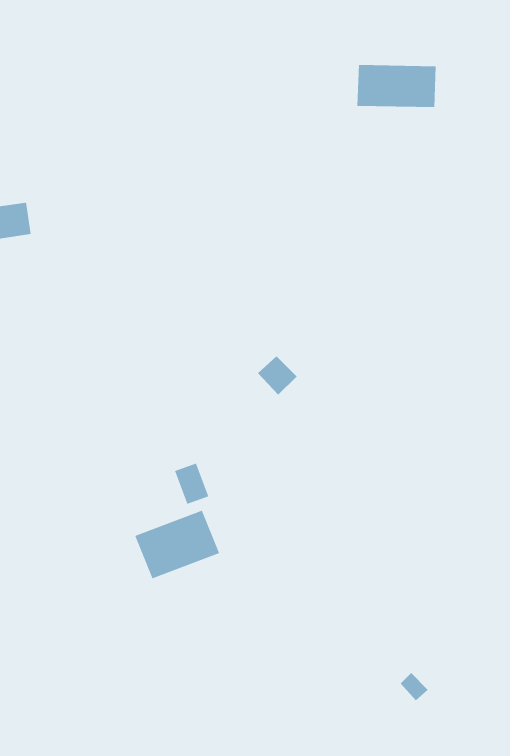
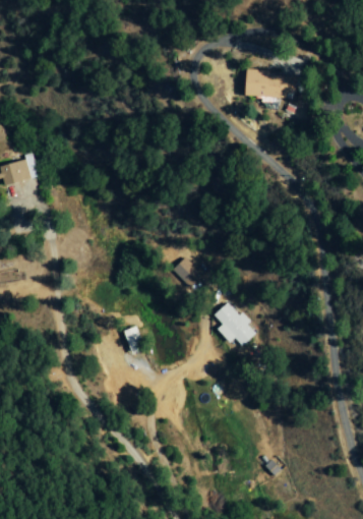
building: none -> [215,300,258,346]
building: [135,510,220,579] -> none

